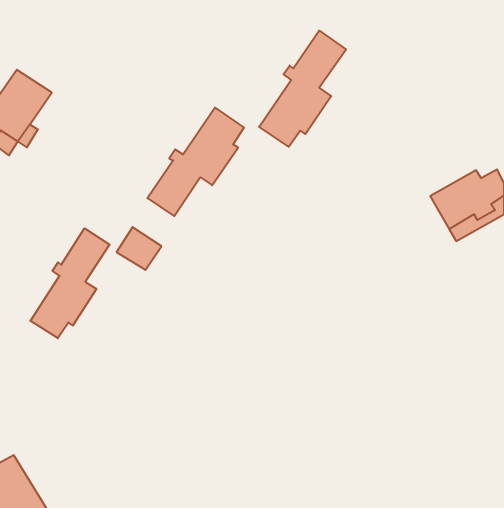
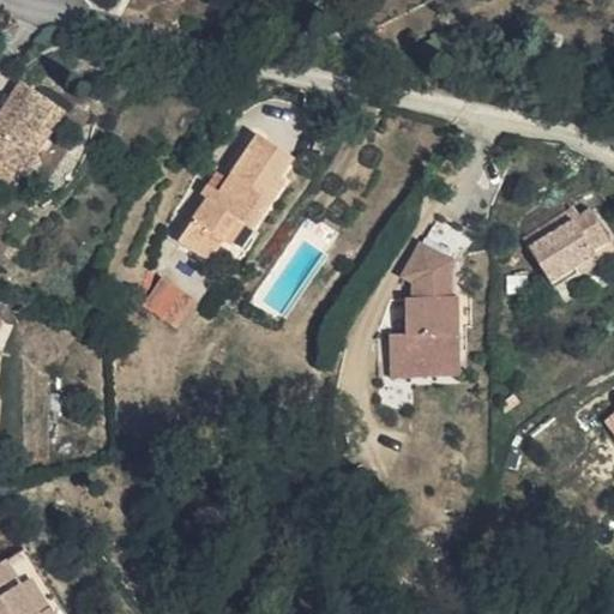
building: [259,31,346,147] -> none
building: none -> [389,240,455,378]
building: [30,228,110,338] -> none

